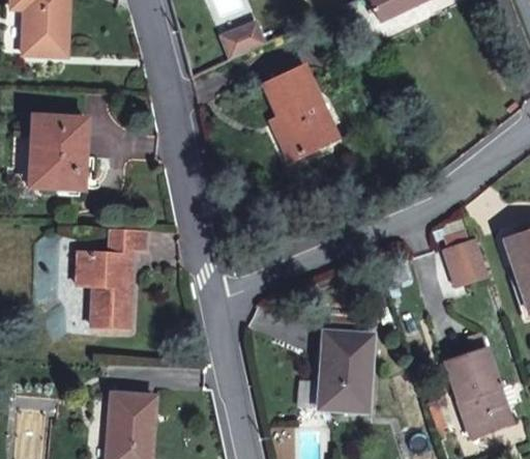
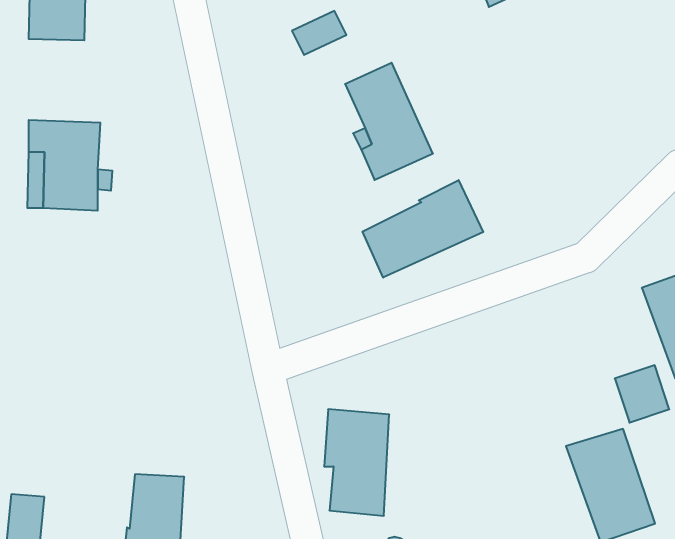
building: none -> [363,180,483,278]
building: [71,220,139,320] -> none
building: [447,245,490,289] -> [615,365,669,423]
building: [323,332,374,414] -> [324,409,389,516]

